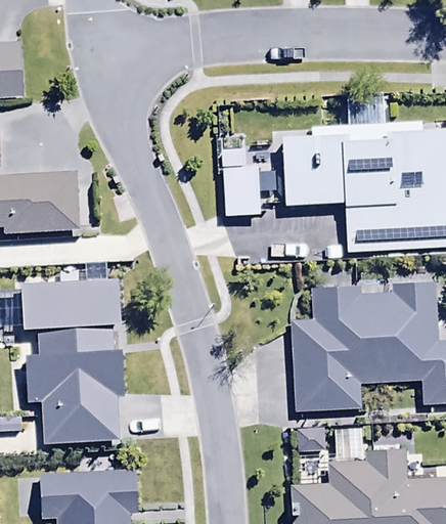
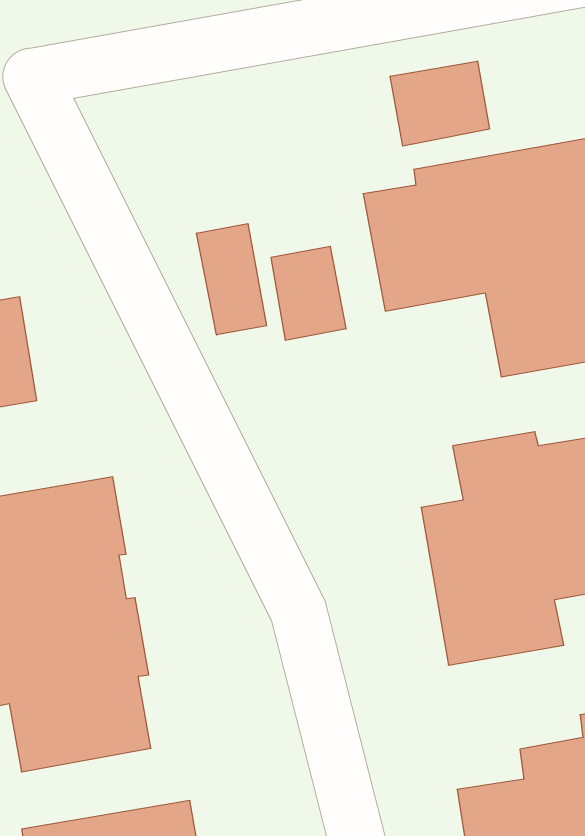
building: none -> [390,61,489,146]
building: none -> [197,224,266,335]

